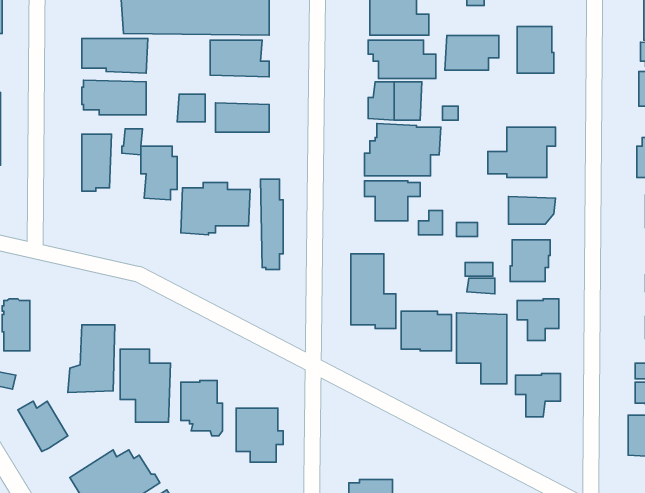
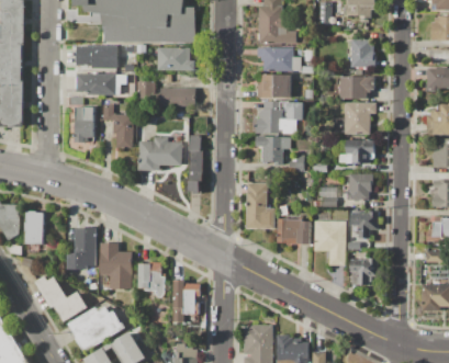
building: [445,35,499,70] -> [339,76,373,98]
building: none -> [55,292,87,320]

